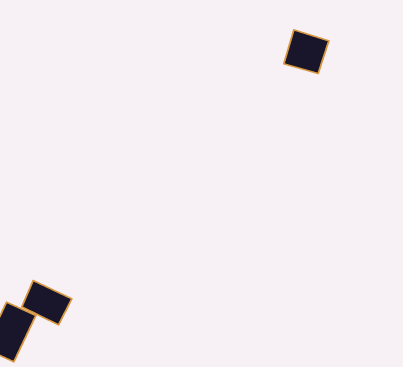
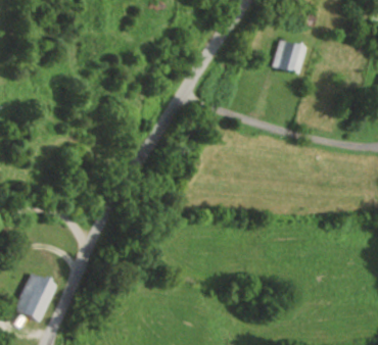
building: [22,281,72,325] -> none

